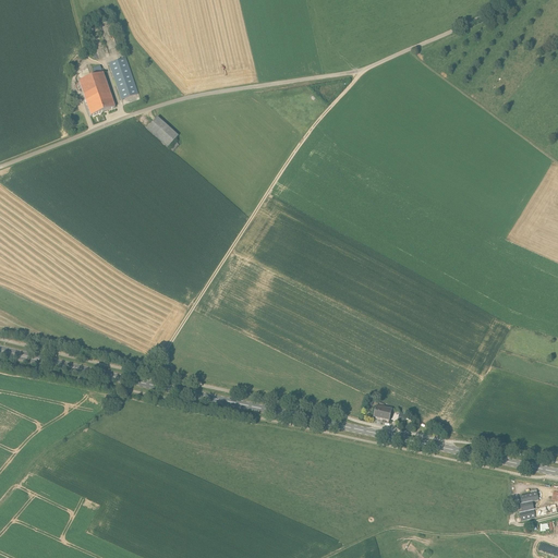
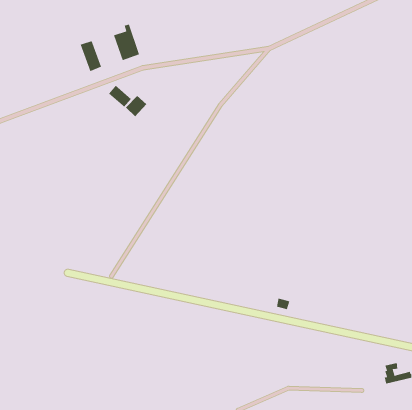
building: [77,63,113,113] -> [113,24,140,61]
building: none -> [125,95,147,117]

